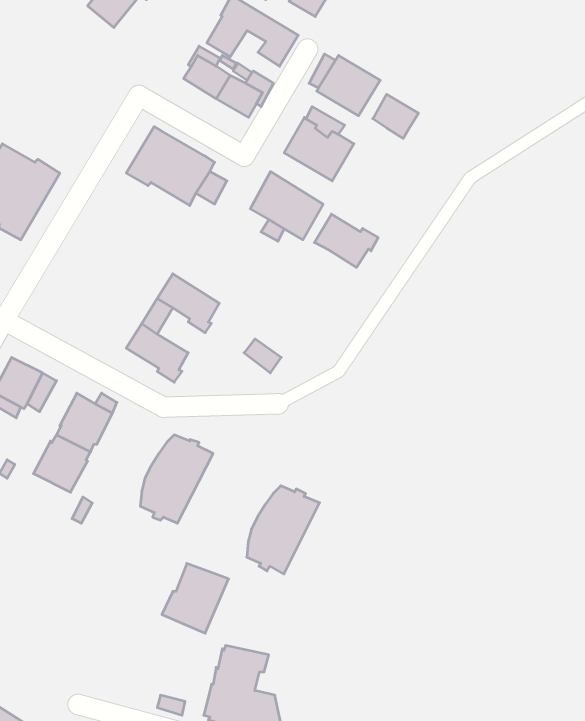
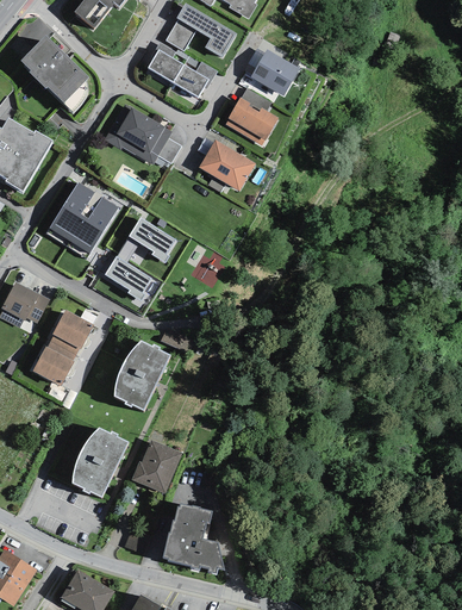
building: none -> [21,35,89,112]
building: [373,94,418,138] -> none
building: [314,214,378,267] -> none
building: none -> [46,182,118,257]
building: [247,486,320,574] -> [73,428,129,496]

